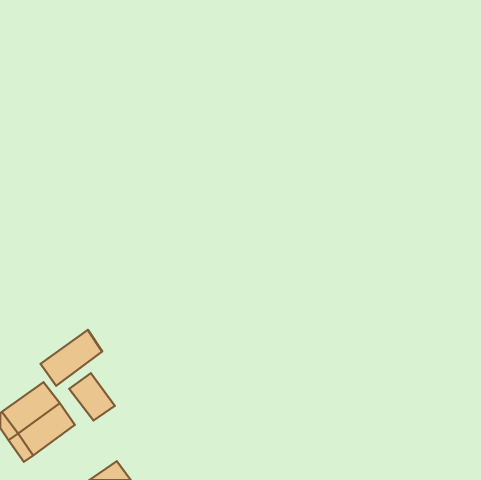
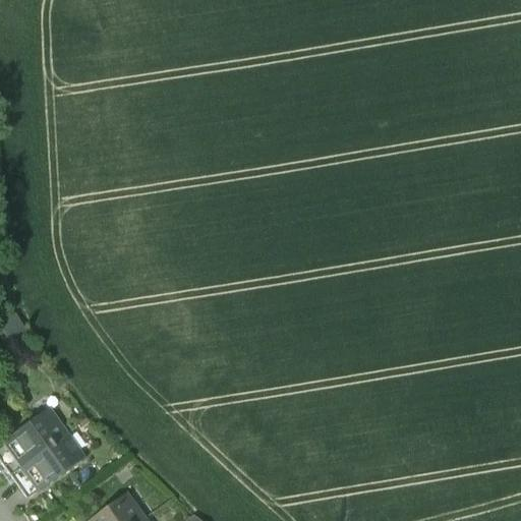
building: [41,330,102,386] -> none
building: [69,373,115,421] -> none

